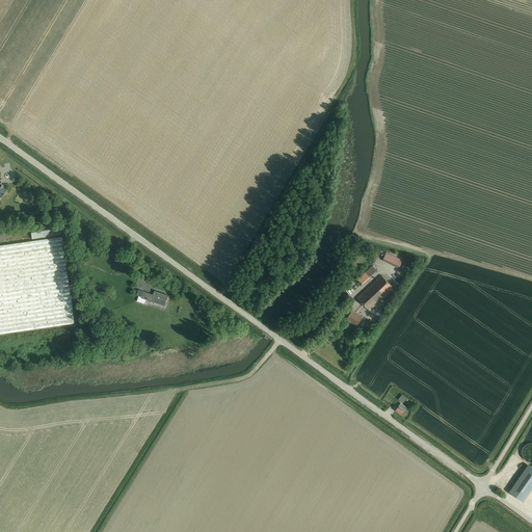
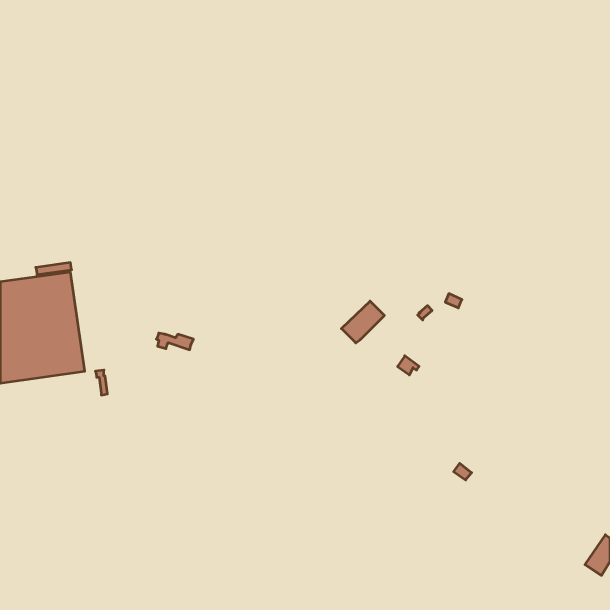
building: [356,274,394,311] -> [341,301,384,343]

